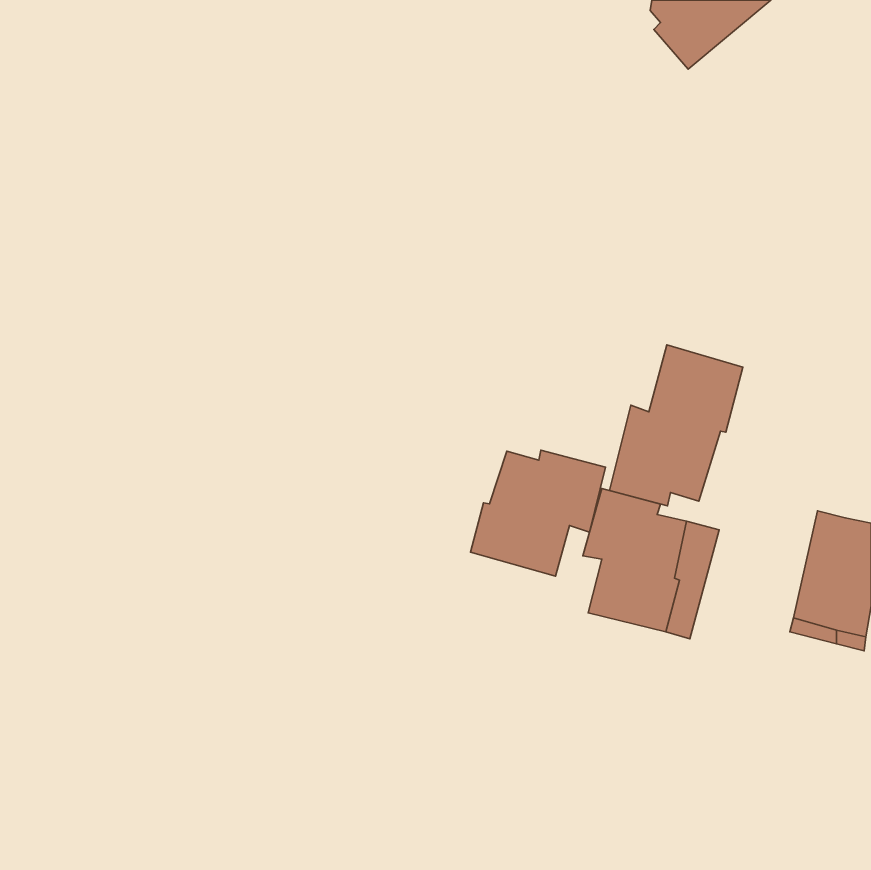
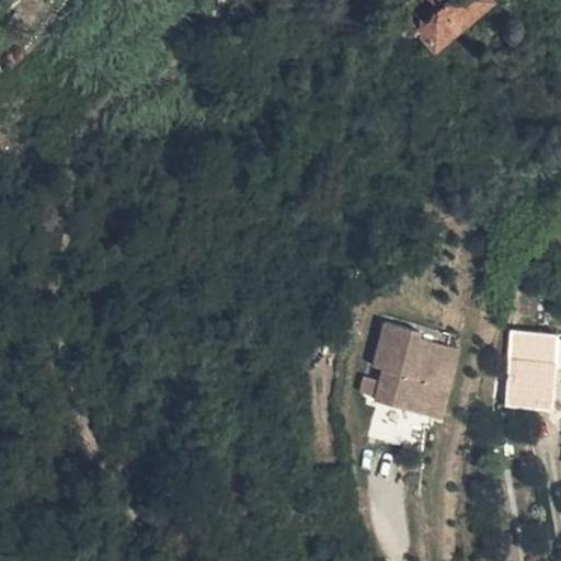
building: [609,345,743,506] -> none
building: [471,450,606,576] -> none

